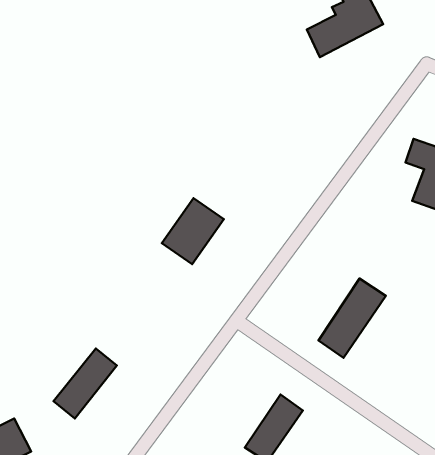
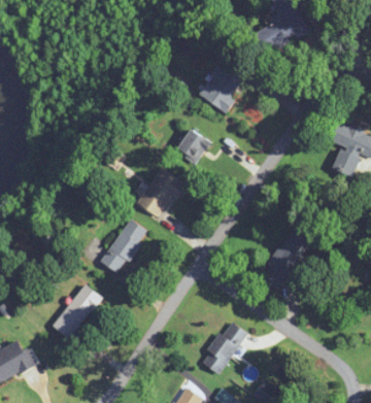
building: none -> [198,55,251,110]
building: none -> [176,129,210,163]
building: none -> [98,220,149,273]

